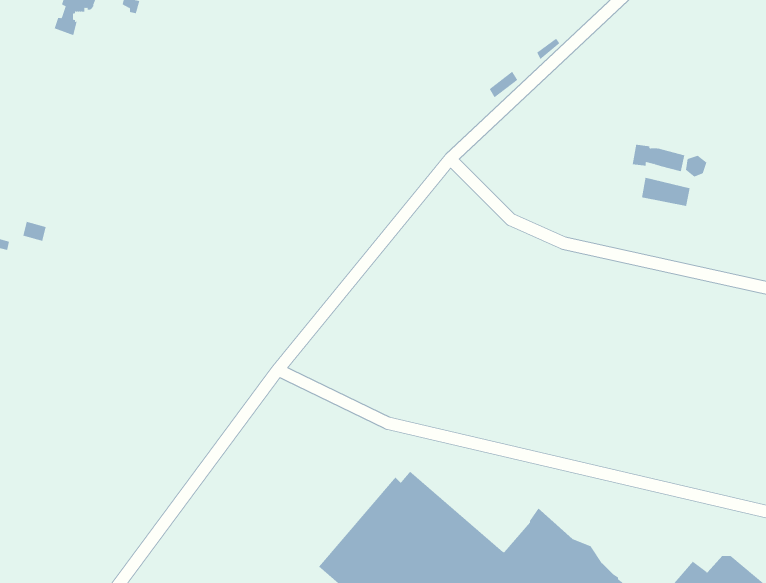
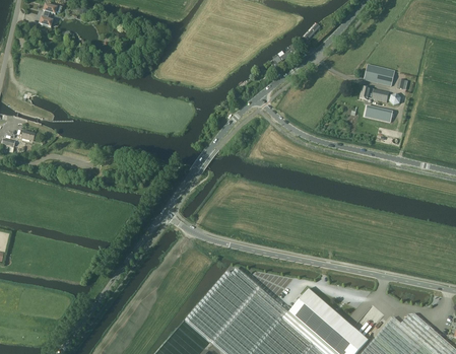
building: none -> [362,66,392,88]

